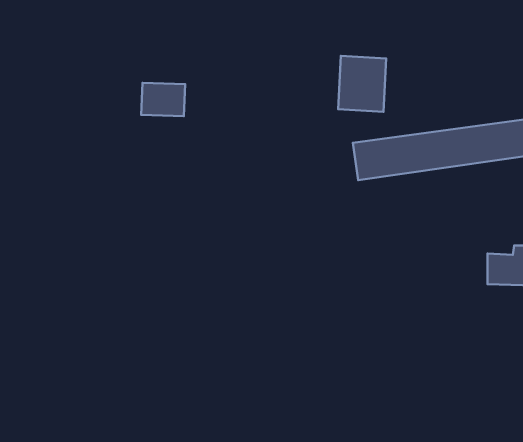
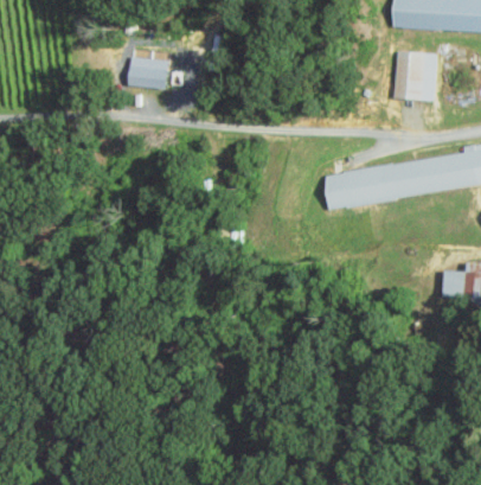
building: [338,56,386,112] -> [393,51,436,101]
building: [141,83,185,116] -> [129,58,168,88]

